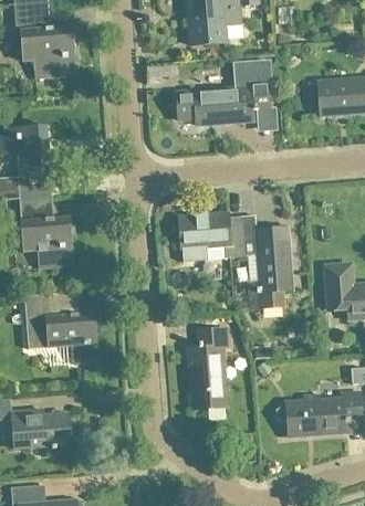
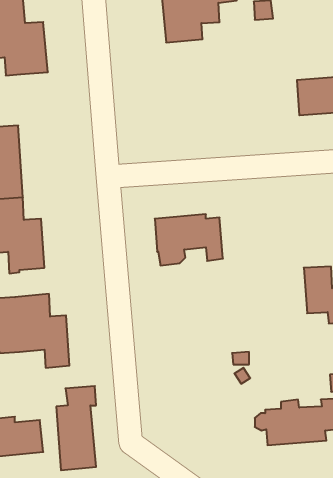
building: [176,61,271,125] -> none
building: [242,214,293,310] -> none
building: [189,327,228,409] -> [56,386,96,470]

